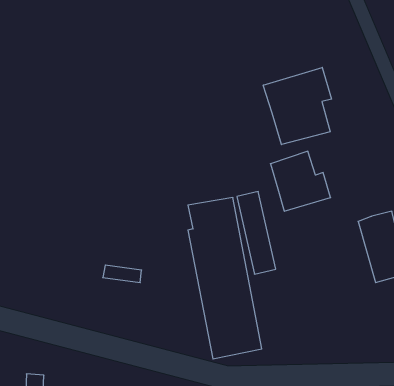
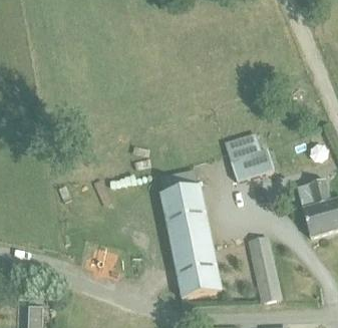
building: [263,67,332,145] -> none
building: [237,192,276,274] -> [248,236,279,302]

